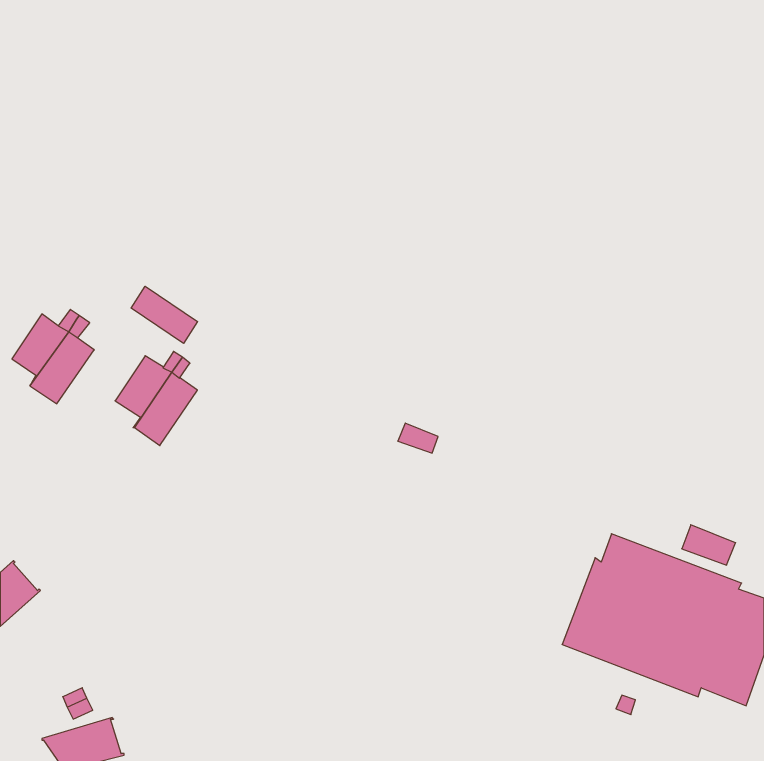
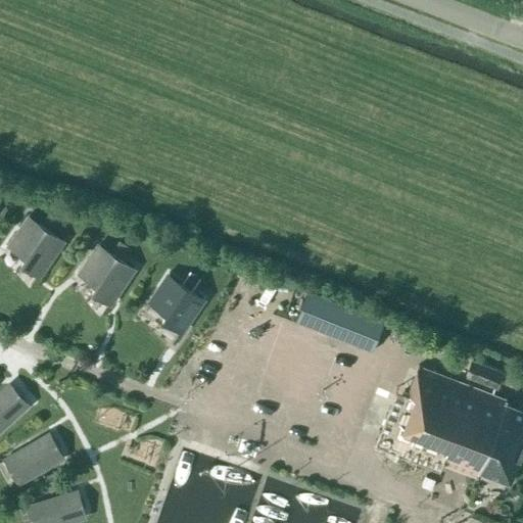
building: [131,286,198,343] -> none
building: none -> [149,274,204,334]
building: none -> [296,292,384,352]
building: none -> [5,435,62,480]

